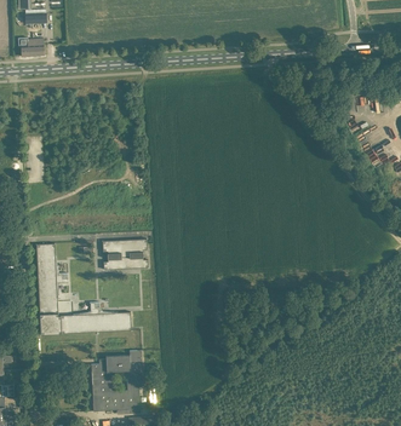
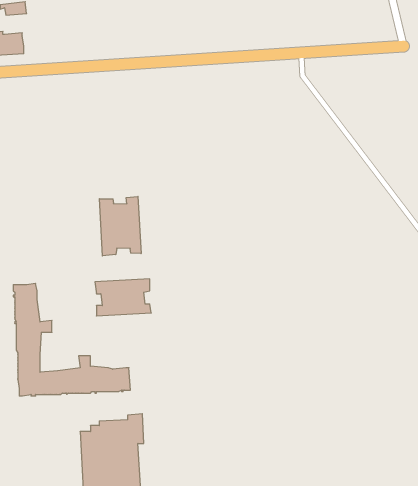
building: none -> [99,196,141,256]

